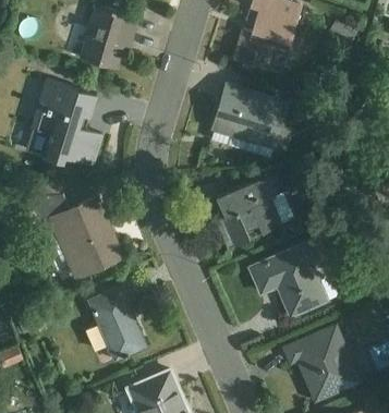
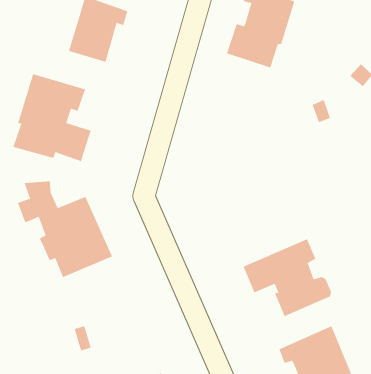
building: [210,85,294,158] -> none
building: [215,179,293,247] -> none
building: [87,288,146,362] -> none

